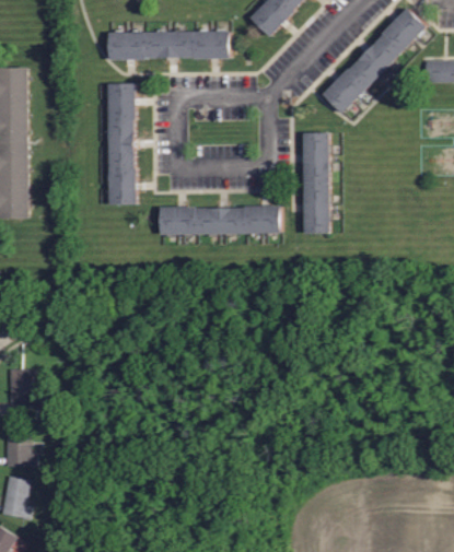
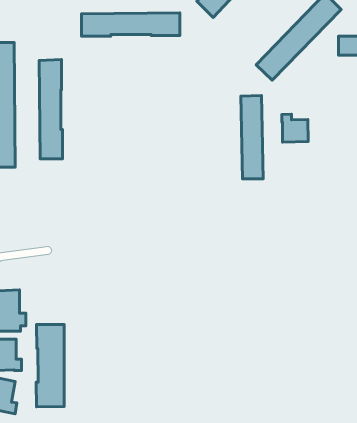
building: [109,82,138,203] -> [39,59,63,159]
building: none -> [282,114,308,142]
building: [159,205,280,234] -> none
building: none -> [36,324,64,407]

